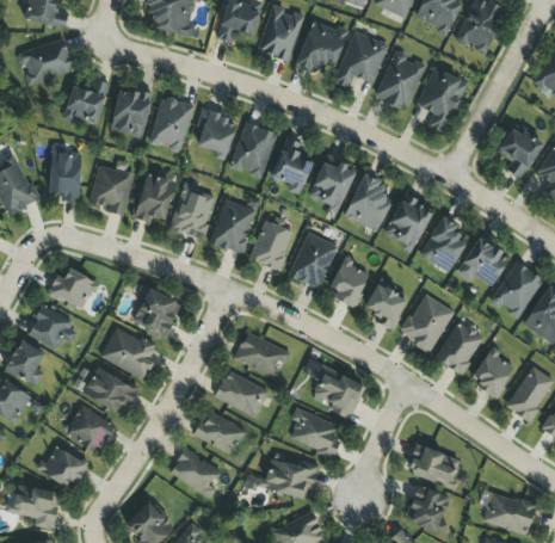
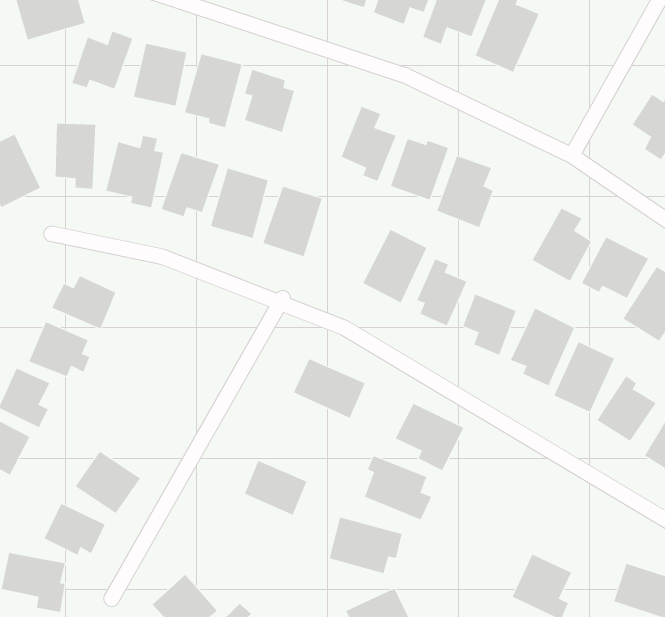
building: [417,66,468,132] -> none
building: [229,122,277,178] -> none
building: [383,195,432,249] -> none
building: [249,212,295,271] -> none
building: [131,283,180,338] -> none
building: [100,326,159,378] -> none
building: [81,365,137,412] -> none
building: [214,369,270,418] -> none
building: [407,443,458,488] -> none
building: [169,446,223,496] -> none

